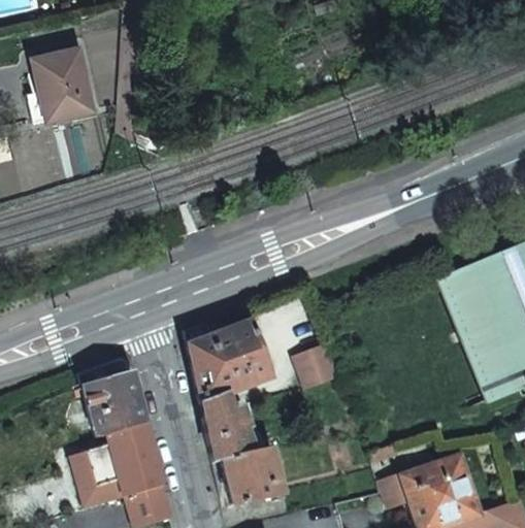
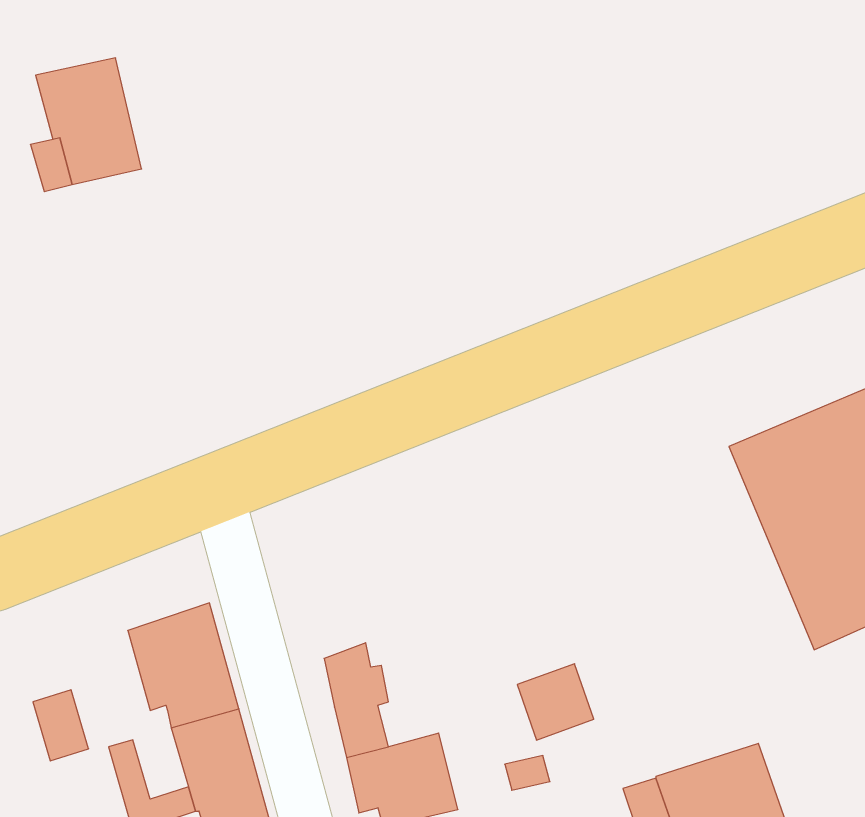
building: [190,321,271,404] -> none
building: [295,344,340,390] -> [517,664,594,740]
building: [88,446,121,488] -> [33,690,89,761]

